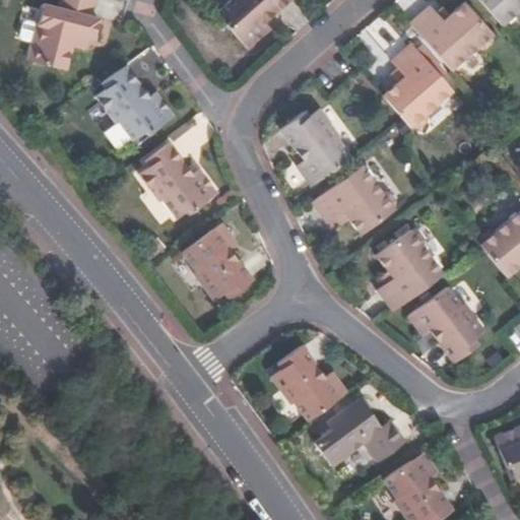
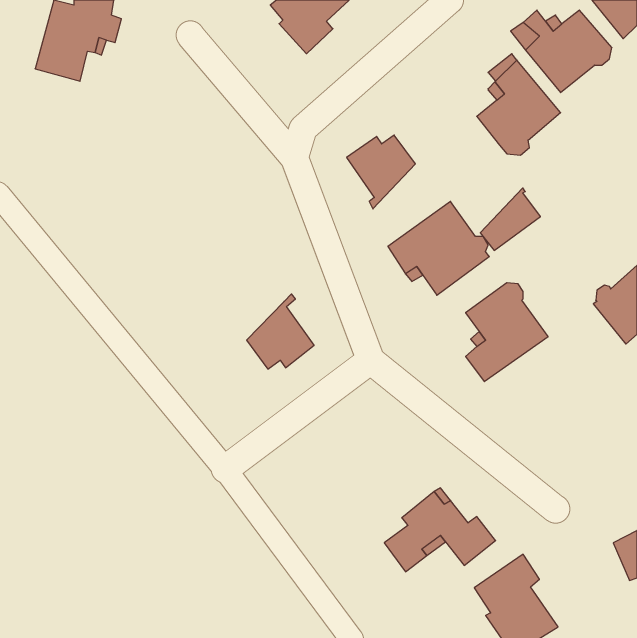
building: [95,62,175,137] -> none
building: [303,134,351,185] -> [480,188,540,250]
building: [140,139,218,214] -> none
building: [186,224,237,277] -> none
building: [409,288,483,363] -> none
building: [268,345,344,420] -> none

